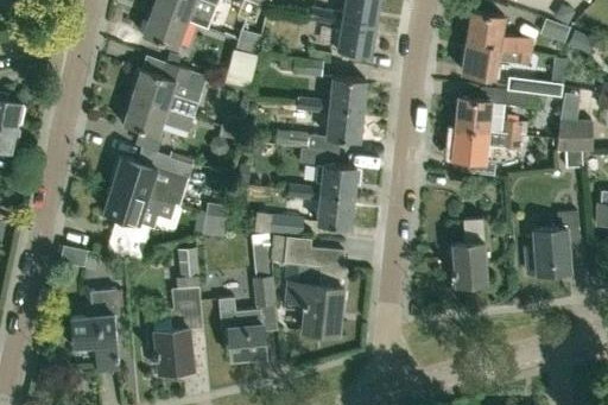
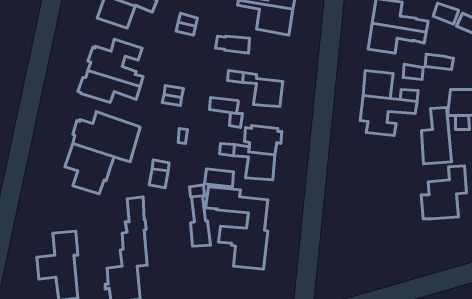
building: [331,76,366,110] -> none
building: [452,217,488,284] -> [422,108,452,164]
building: [217,296,267,359] -> none

